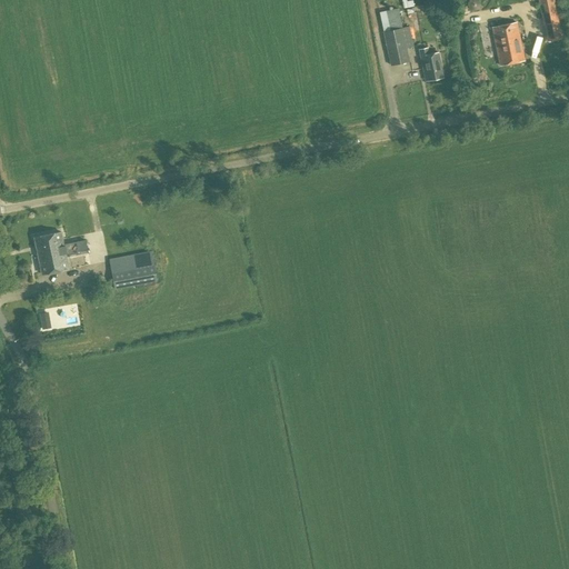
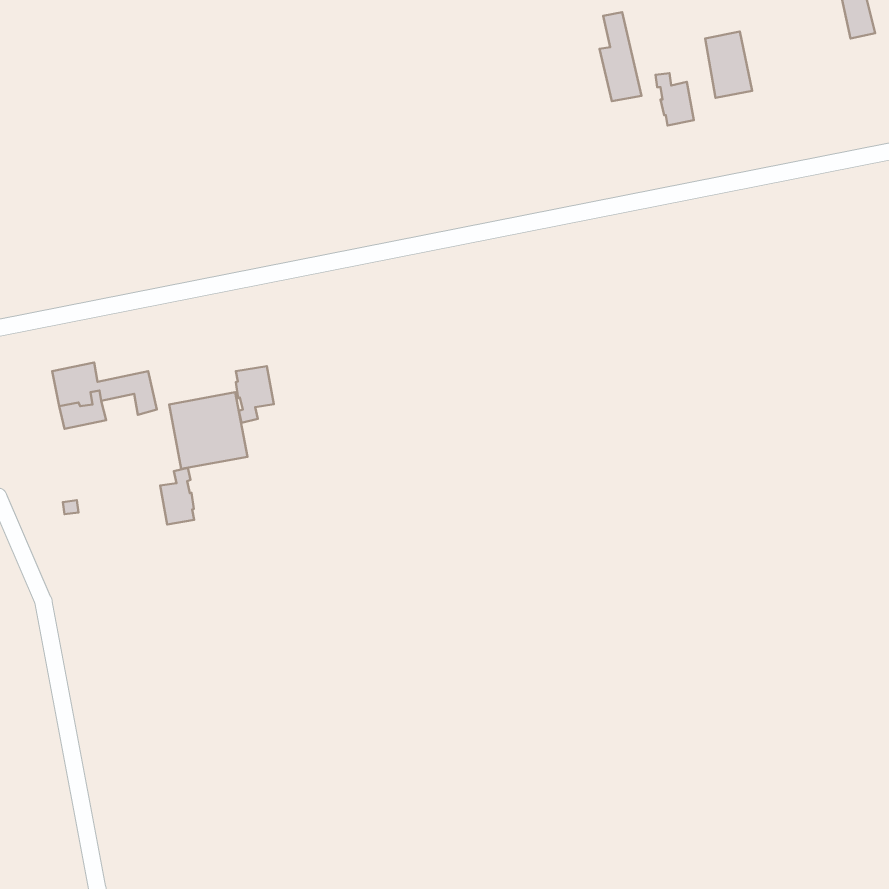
building: [492,22,522,64] -> [705,32,752,98]
building: none -> [236,366,274,423]
building: none -> [160,468,194,524]

